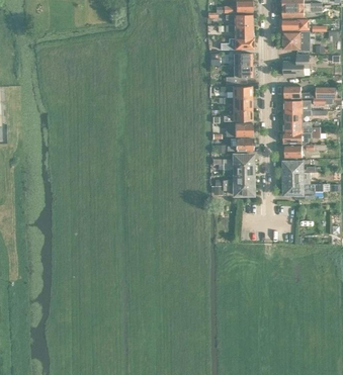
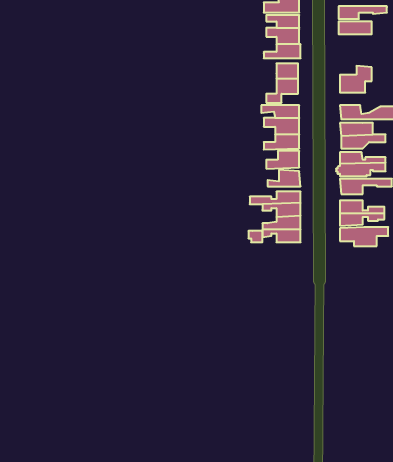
building: [284,32,310,50] -> none

